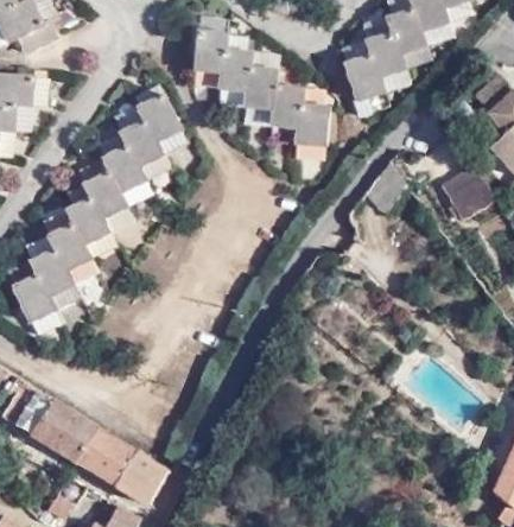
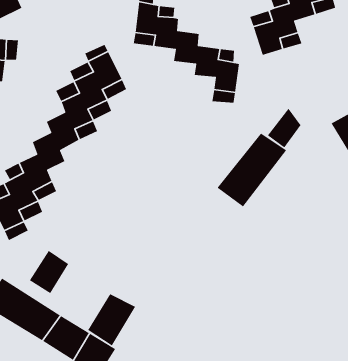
building: none -> [216,132,287,207]
building: none -> [29,250,69,294]
building: none -> [87,293,136,346]

